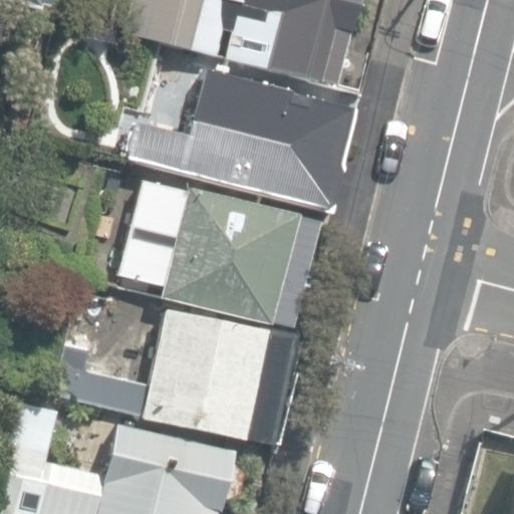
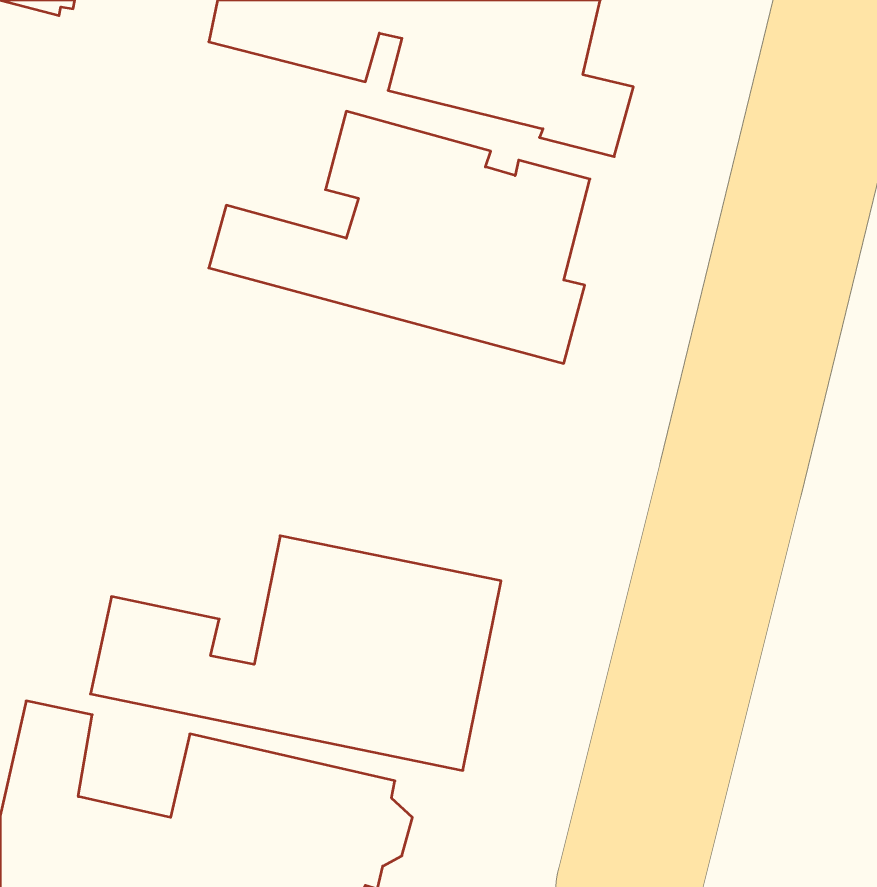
building: [117,177,314,320] -> none

